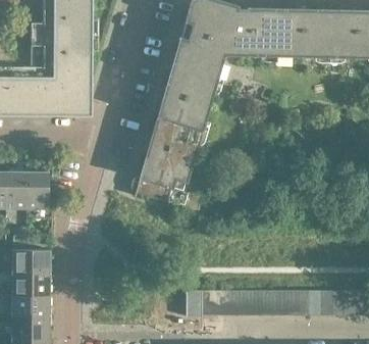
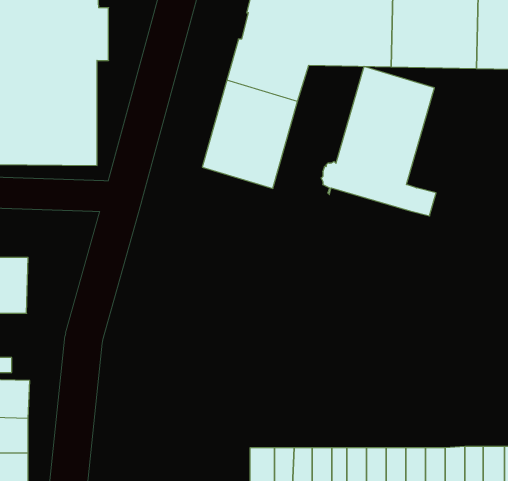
building: [130,117,202,210] -> [321,66,436,216]

